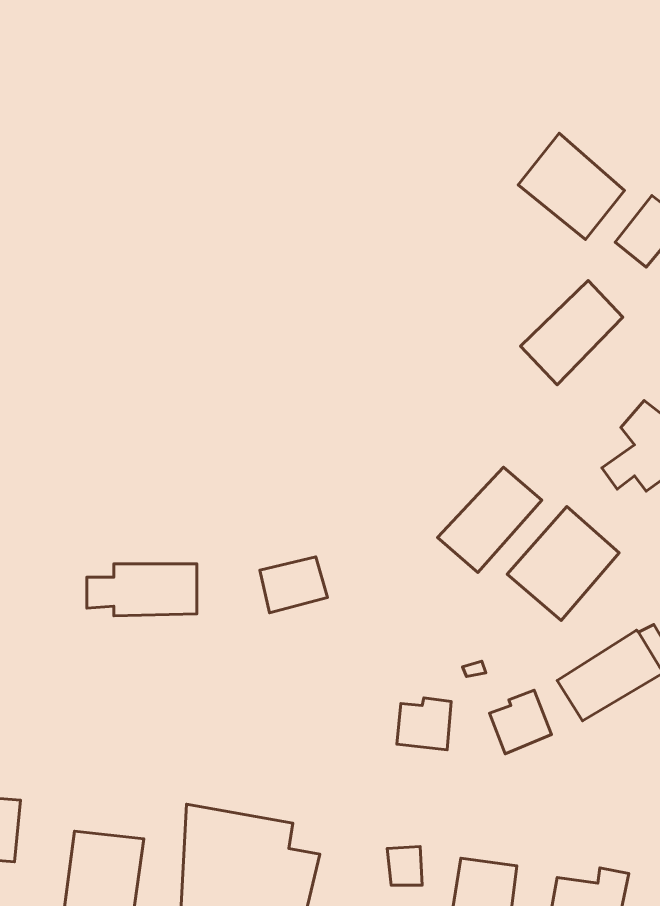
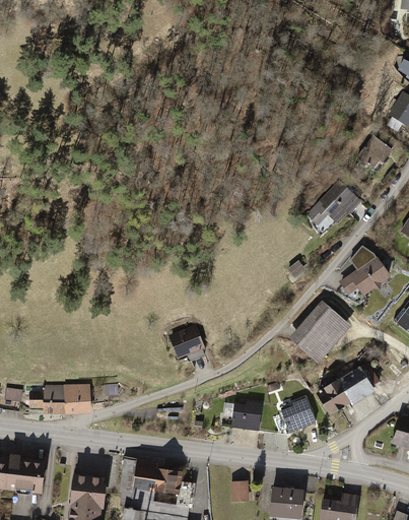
building: [518,133,624,240] -> none
building: [438,467,542,572] -> none
building: [87,564,197,616] -> [33,385,91,412]

